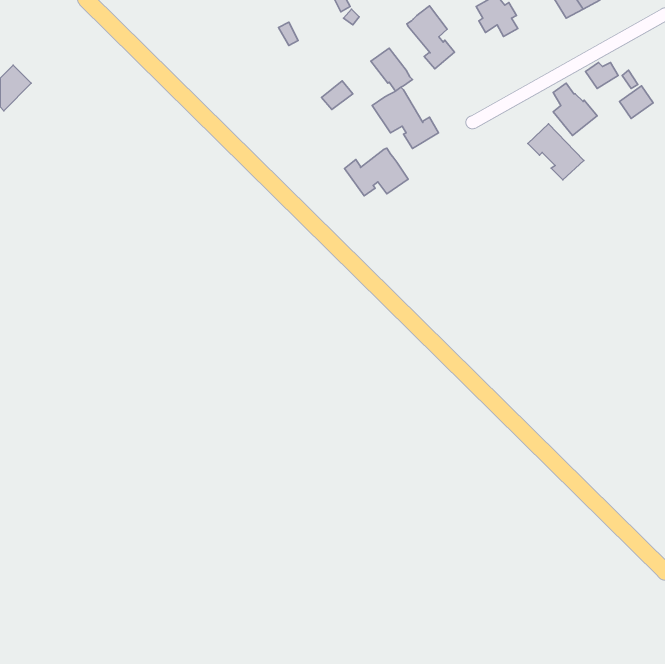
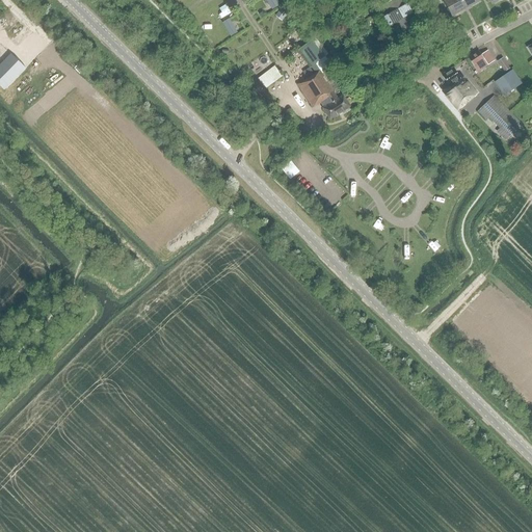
building: [407,6,454,69] -> none
building: [528,124,584,180] -> [477,95,522,139]
building: [345,148,408,196] -> none

